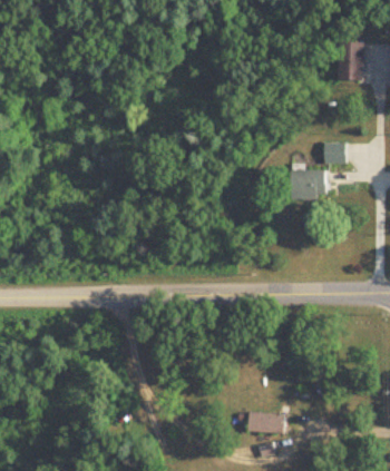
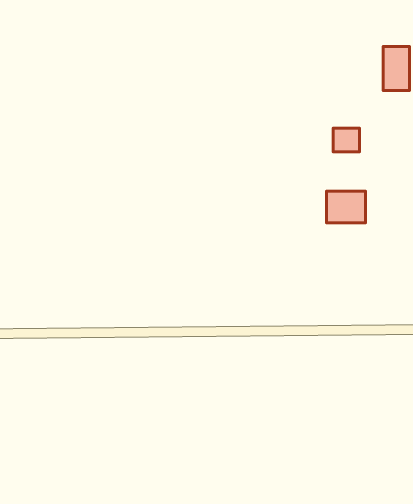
building: [321,143,344,164] -> [333,128,360,152]
building: [246,412,276,433] -> none

